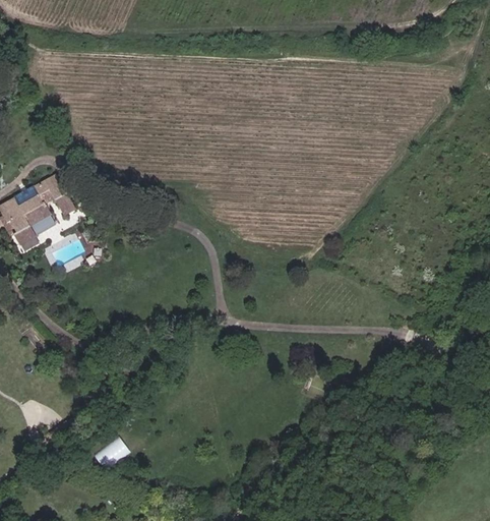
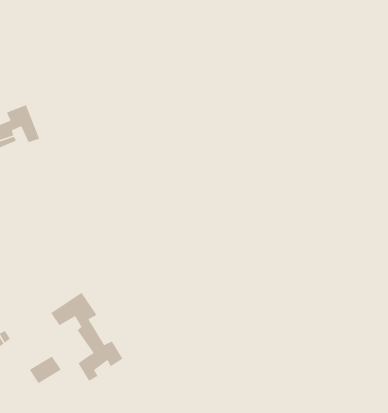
building: none -> [50,292,124,382]

